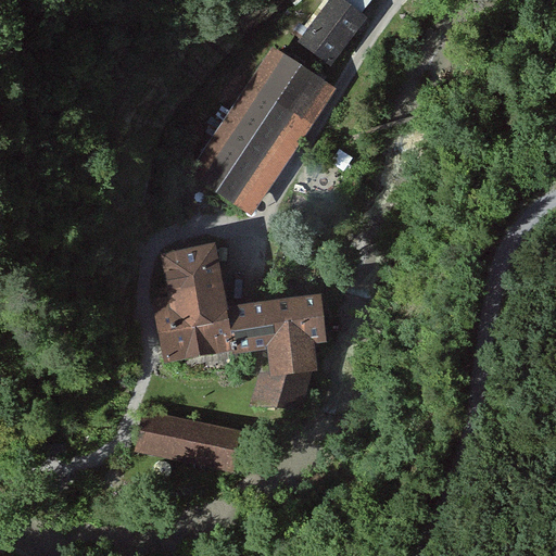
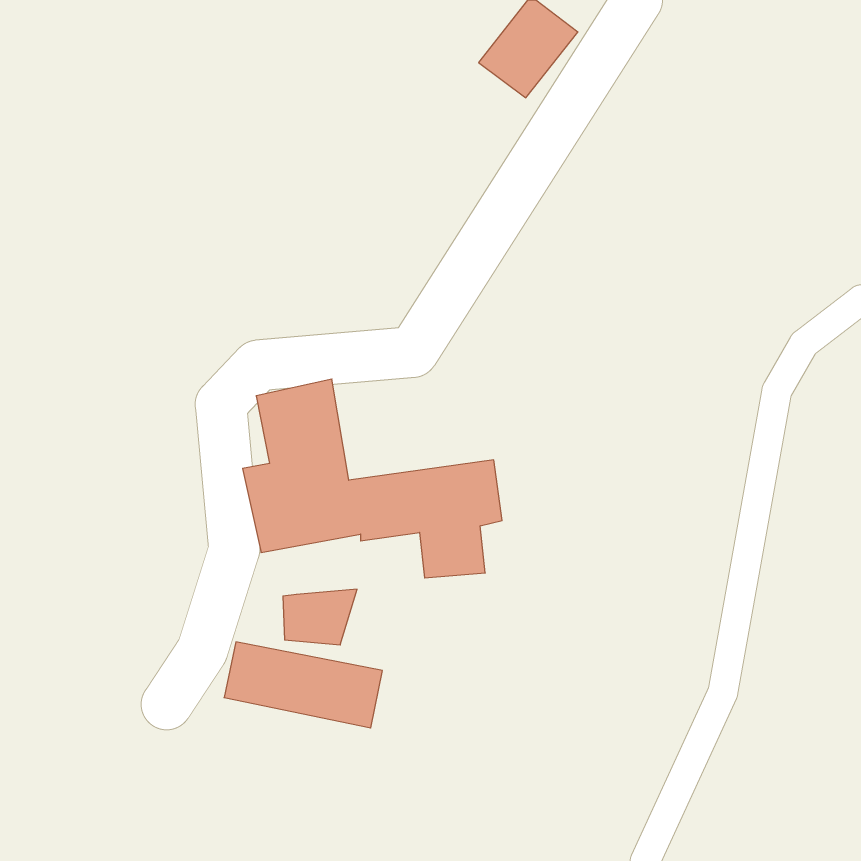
building: [194,50,325,205] -> none
building: [265,369,313,405] -> [283,589,357,645]

